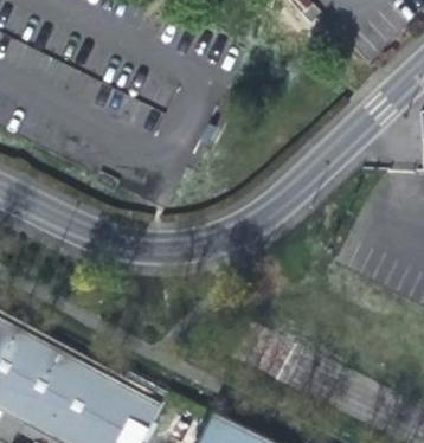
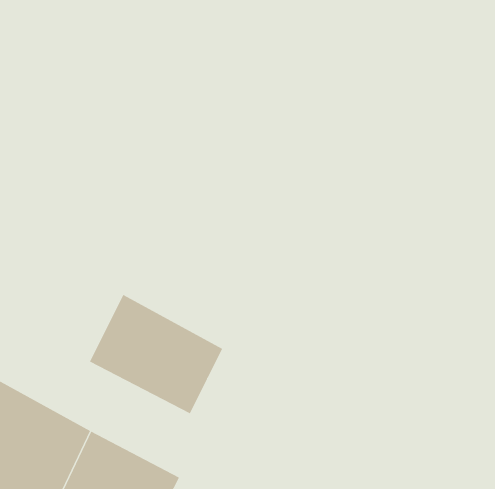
building: none -> [89,294,223,414]

